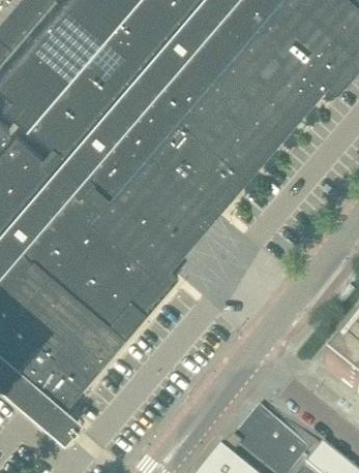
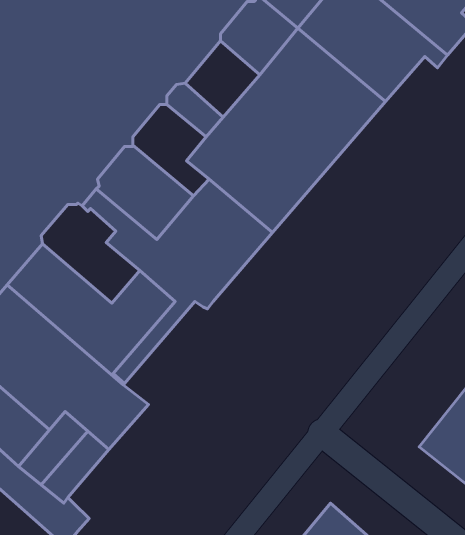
building: [151,69,206,125] -> none
building: [113,116,169,183] -> none
building: [46,188,118,261] -> none
building: [106,260,177,336] -> none

